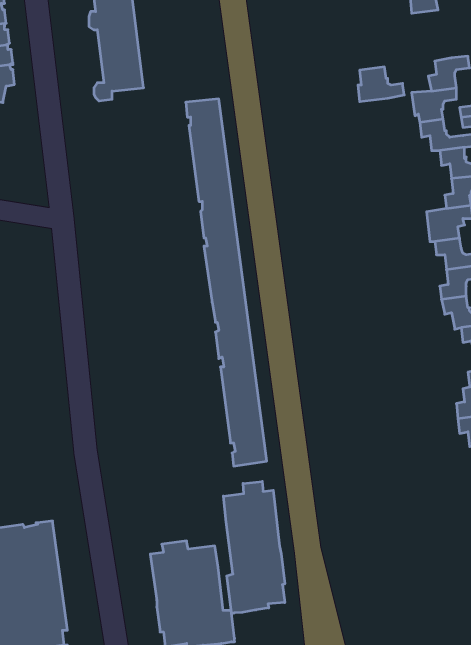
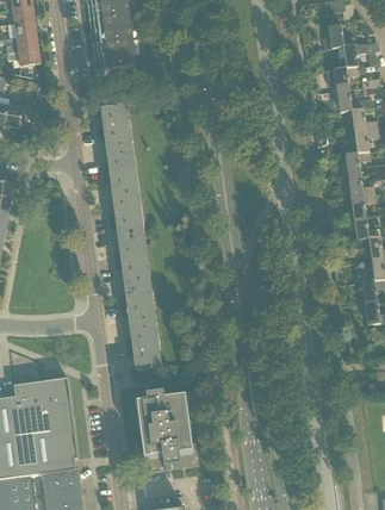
building: [358,67,404,102] -> [322,24,355,49]
building: [186,99,267,466] -> [103,105,161,369]
building: [223,481,285,614] -> none

